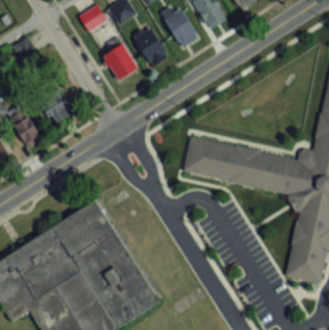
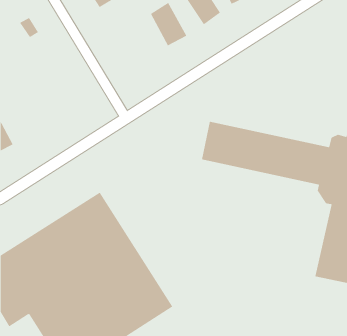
building: [104,45,141,84] -> none
building: [42,97,75,126] -> none
building: [8,108,46,150] -> none

